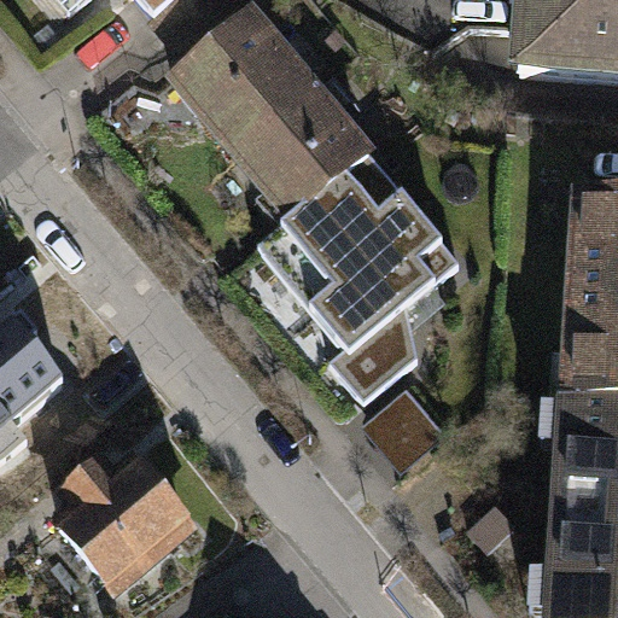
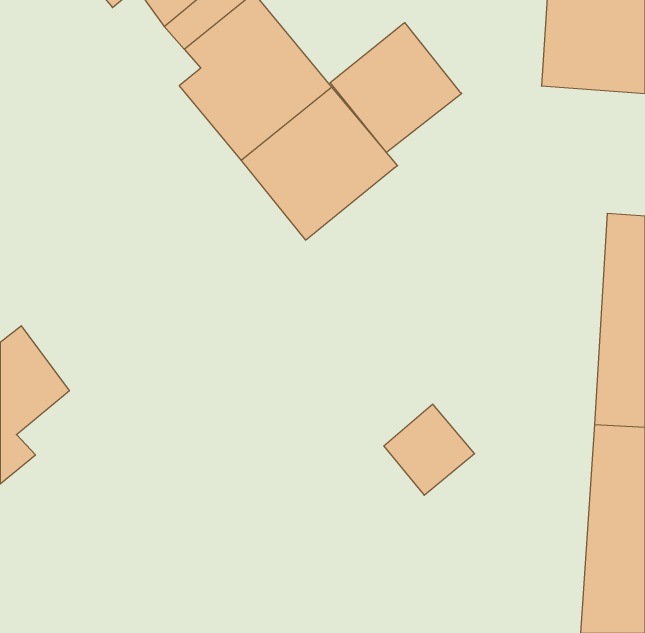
building: none -> [330,23,462,152]
building: [266,161,466,404] -> none
building: [48,443,196,588] -> none

